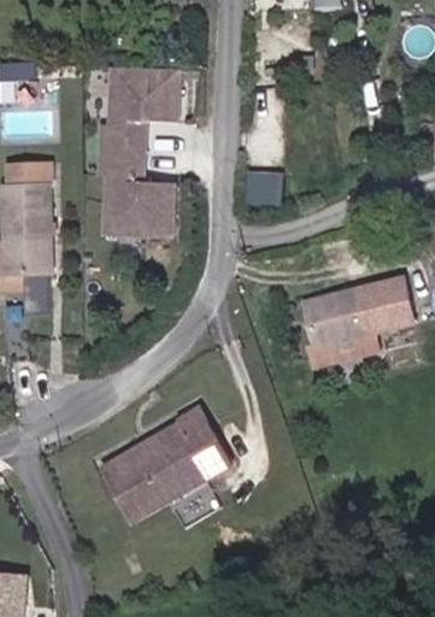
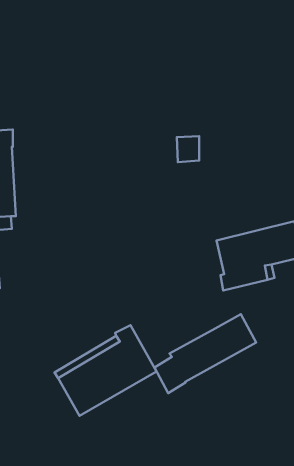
building: [98,70,180,235] -> none
building: none -> [155,314,256,393]

